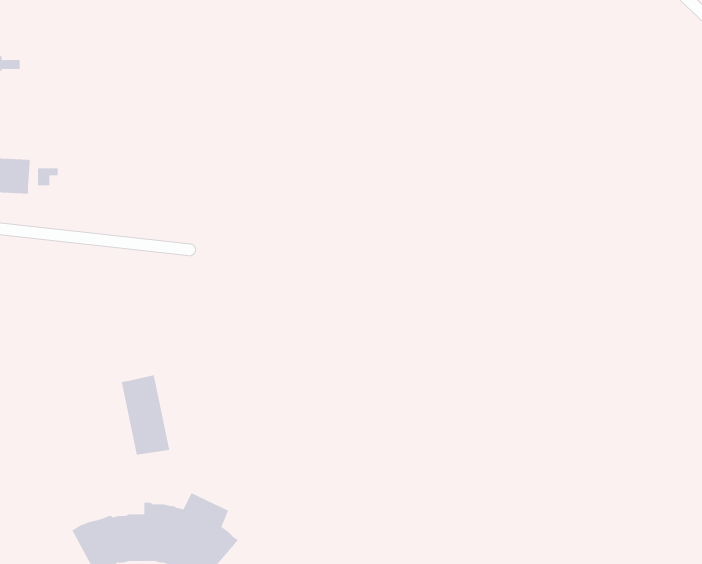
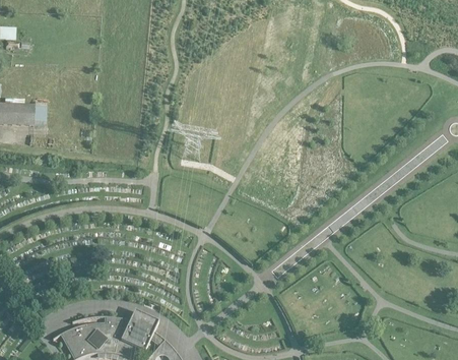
building: [121,375,170,455] -> none

